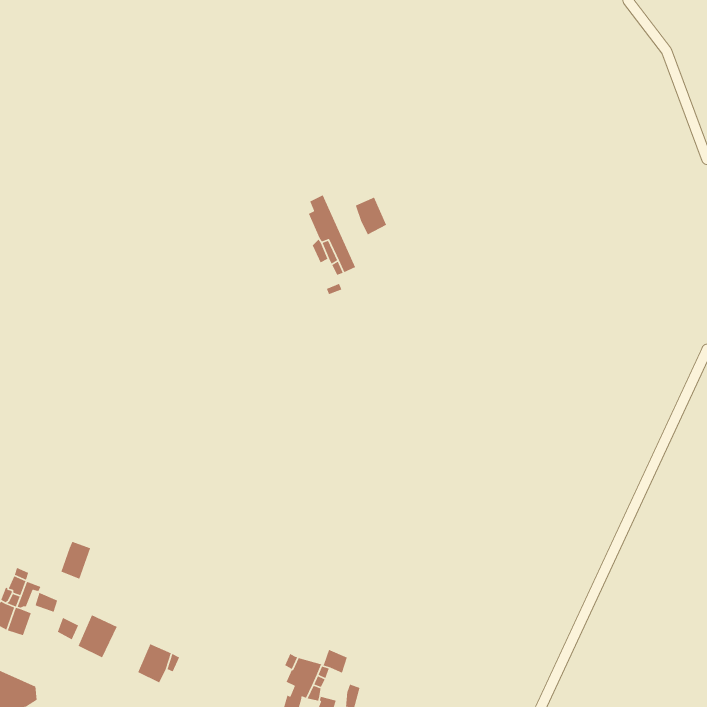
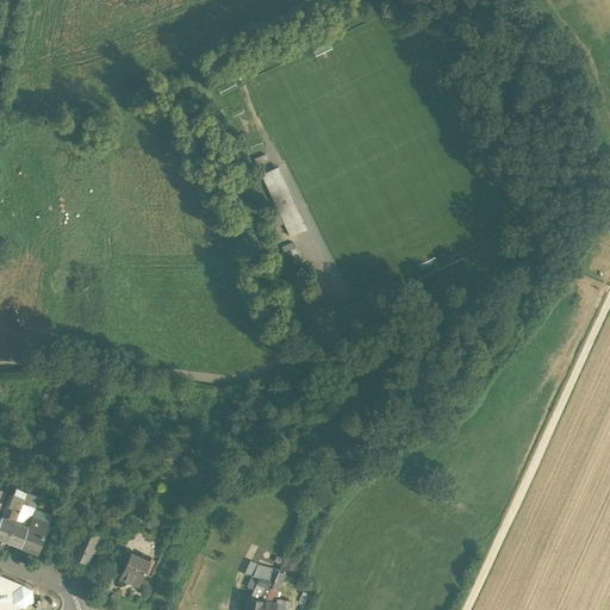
building: [355,196,387,235] -> none
building: [59,541,91,580] -> [19,522,46,555]

